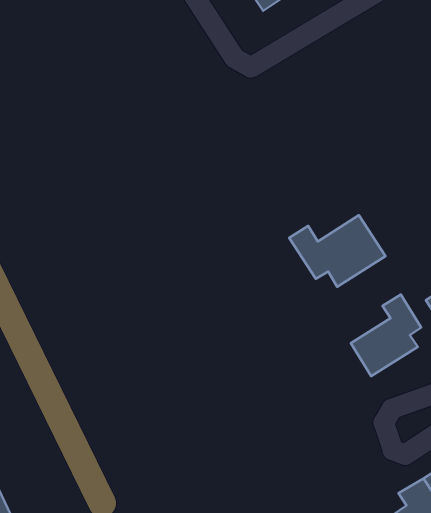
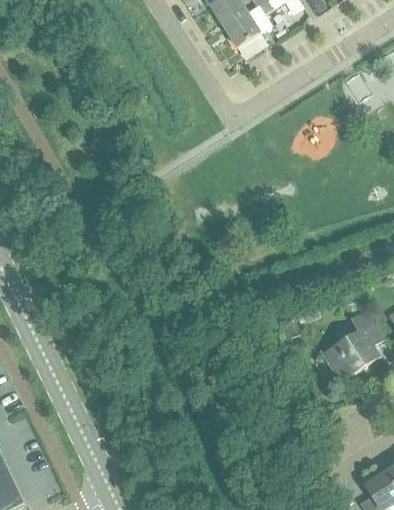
building: [289,215,385,287] -> none

